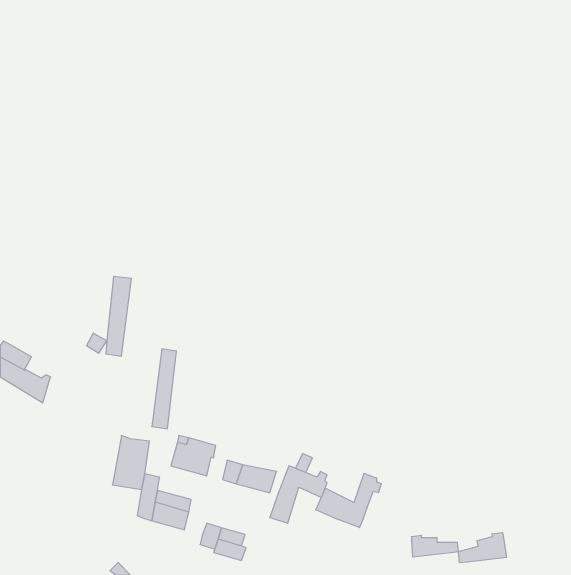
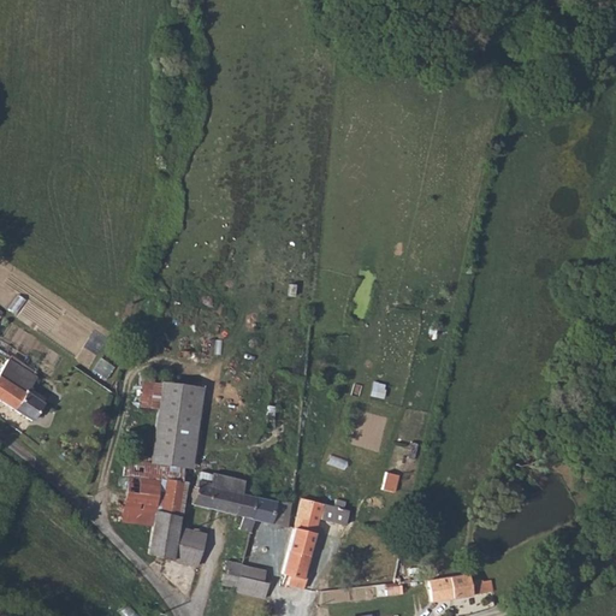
building: [106,276,132,356] -> [149,371,177,456]
building: none -> [159,472,180,510]
building: none -> [225,488,247,527]
building: [316,473,381,528] -> none
building: none -> [283,553,312,599]
building: [458,532,507,563] -> none

